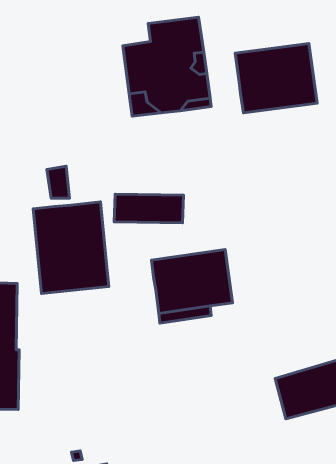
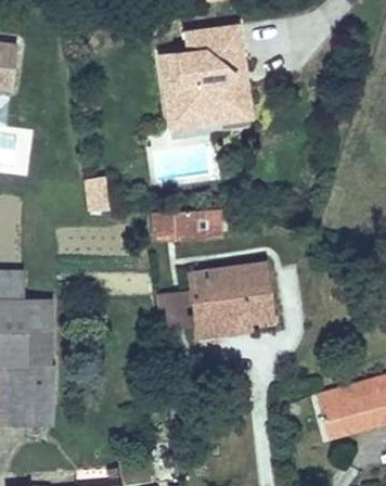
building: [235,43,317,113] -> none
building: [33,202,109,293] -> none
building: none -> [160,291,195,328]

